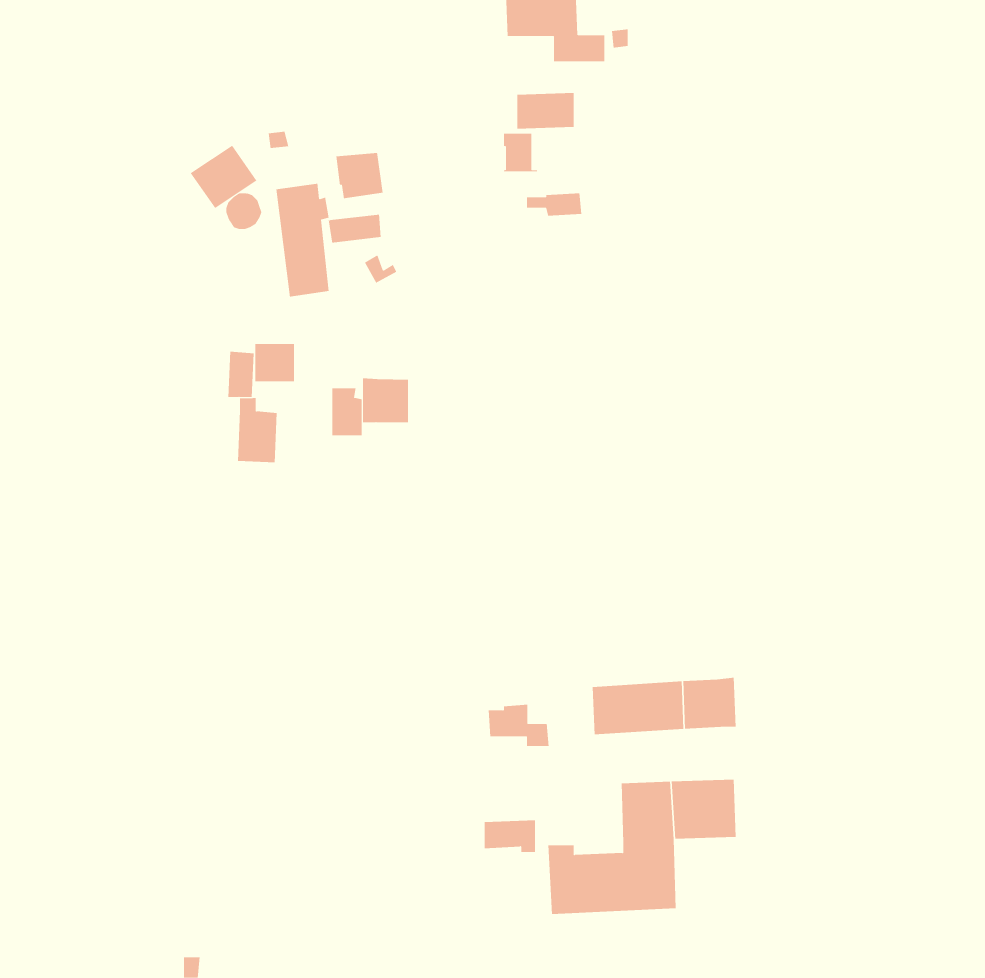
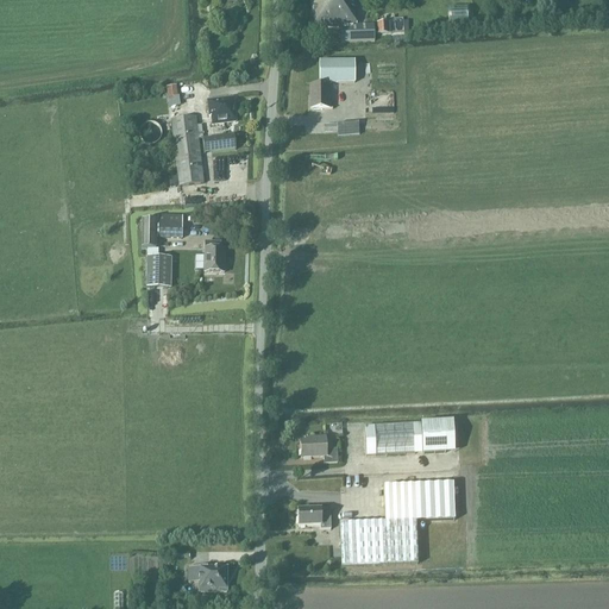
building: [190,145,257,209] -> none
building: [362,377,409,423] -> none
building: none -> [189,563,227,589]

